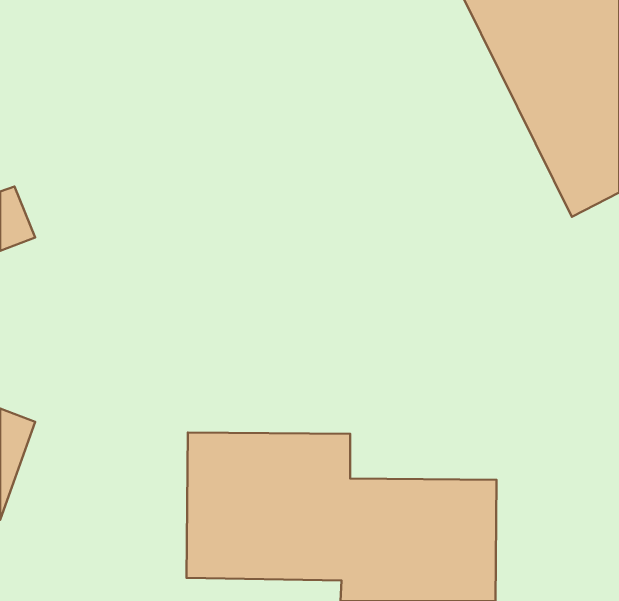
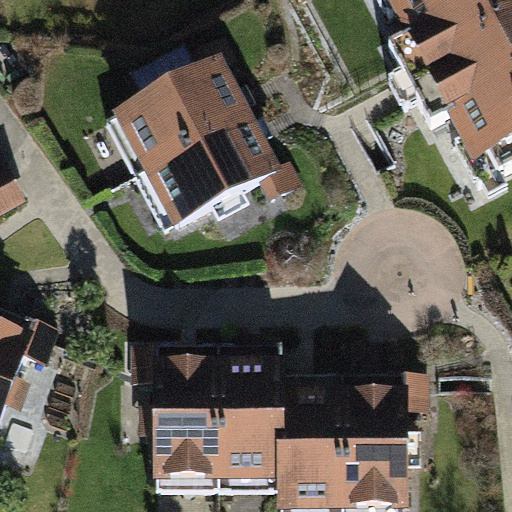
building: none -> [115,62,284,237]

